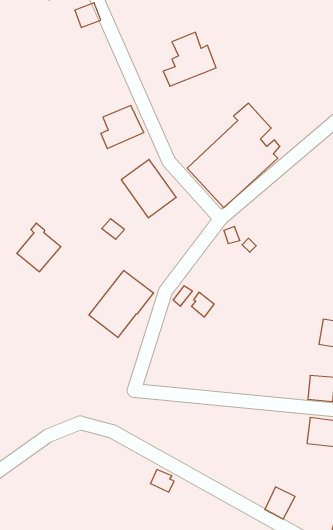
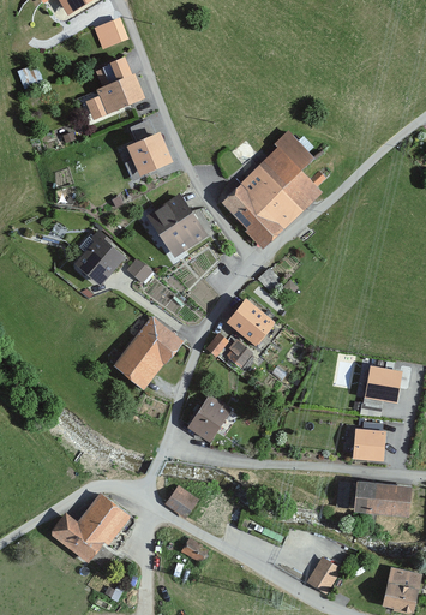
building: [163,32,216,86] -> [85,59,144,119]
building: [17,223,61,272] -> [76,231,125,285]
building: none -> [227,298,275,345]
building: none -> [187,394,232,442]
building: none -> [166,486,198,517]
building: none -> [49,492,130,562]

